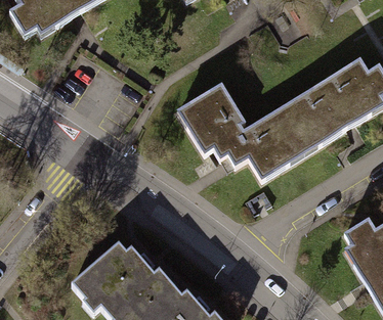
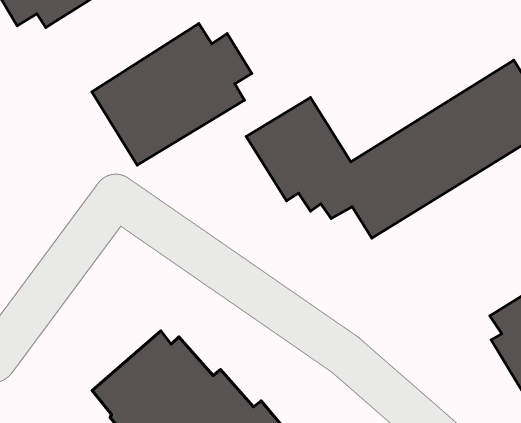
building: none -> [92,23,252,165]

